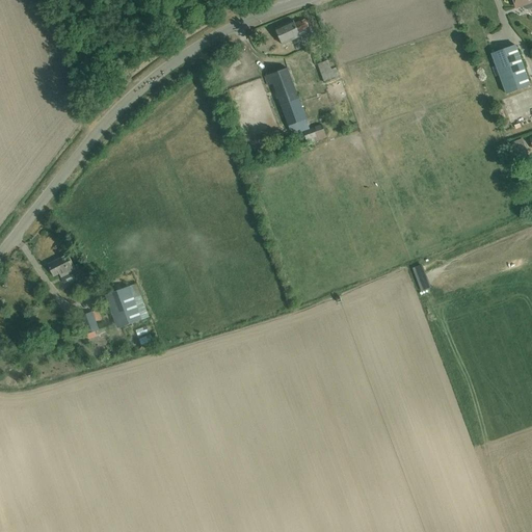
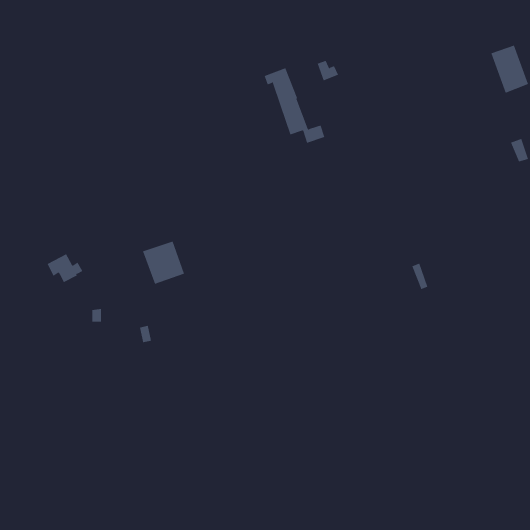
building: [274,19,308,44] -> none
building: [105,284,148,327] -> [142,241,185,284]

